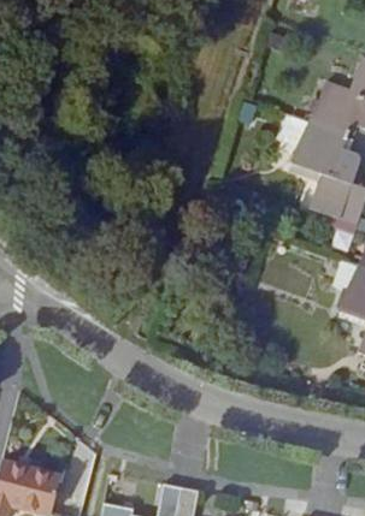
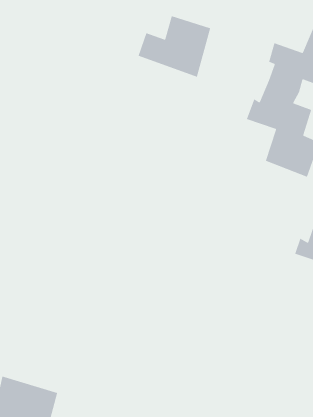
building: none -> [138,15,211,78]

